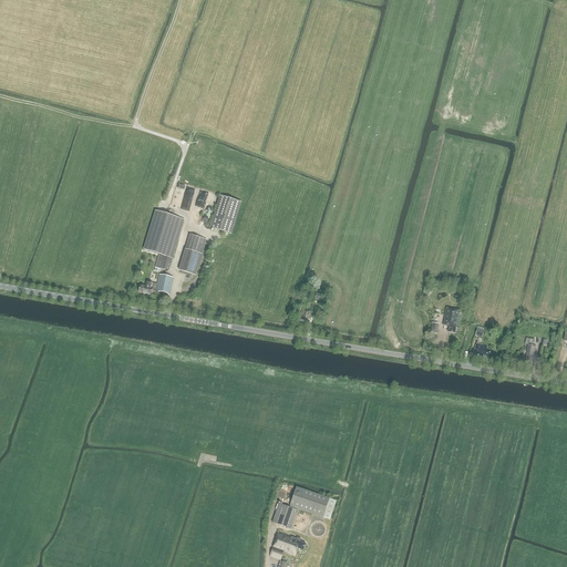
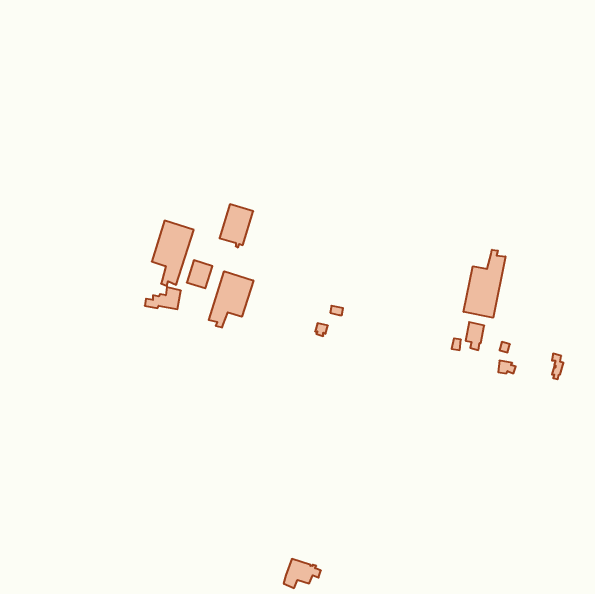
building: none -> [464,250,505,318]
building: none -> [209,271,253,328]
building: [271,485,336,527] -> none

